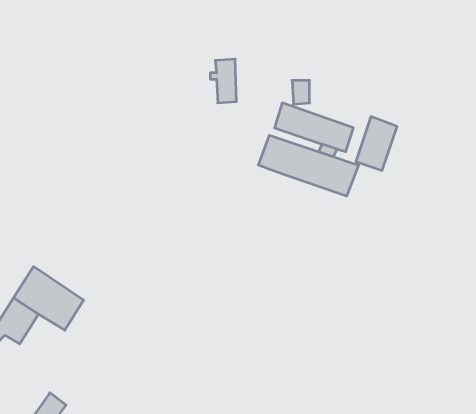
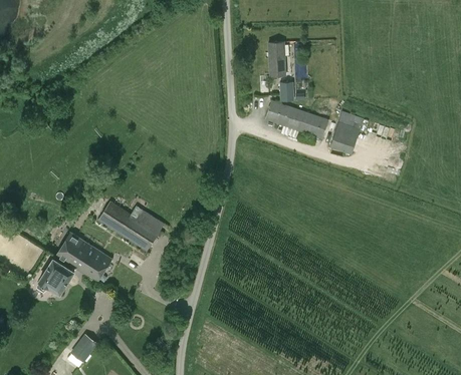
building: [210,59,236,103] -> [264,42,285,77]
building: [258,135,359,196] -> none
building: none -> [97,202,163,251]

